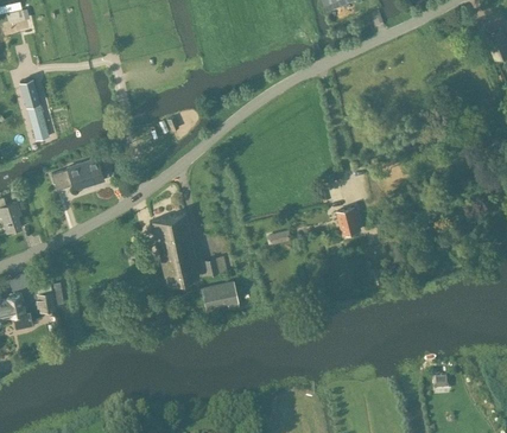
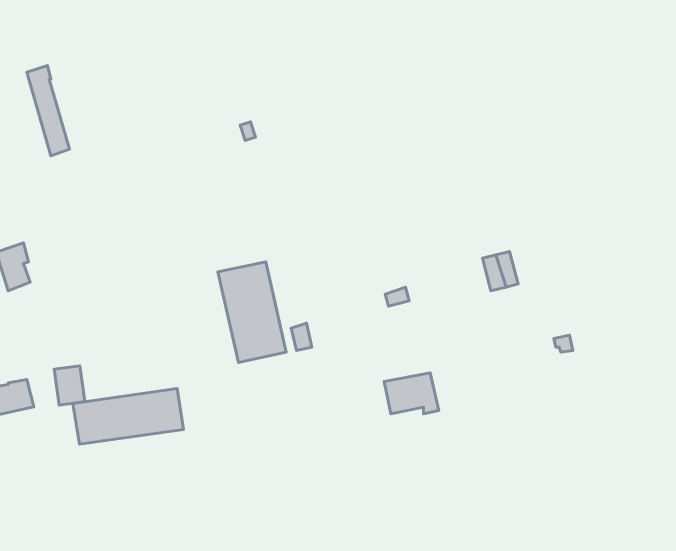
building: [52,157,110,190] -> none
building: [202,281,240,310] -> [384,373,439,414]
building: none -> [73,389,184,444]

